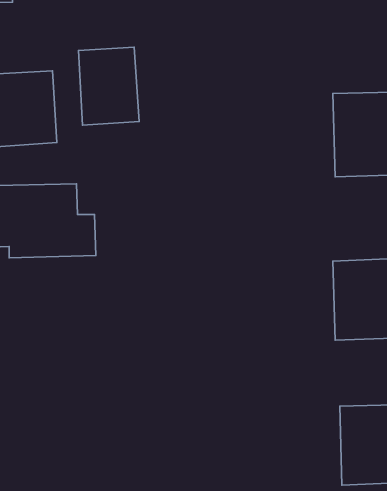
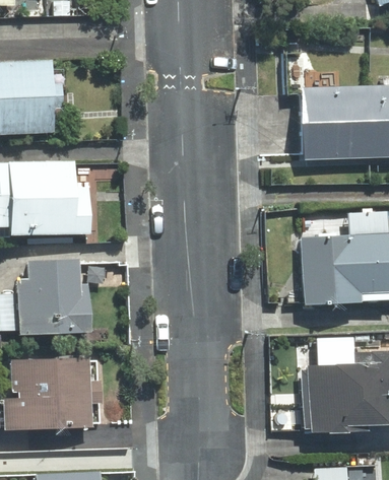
building: [79,47,139,125] -> none
building: none -> [20,264,92,333]
building: none -> [7,360,92,428]

